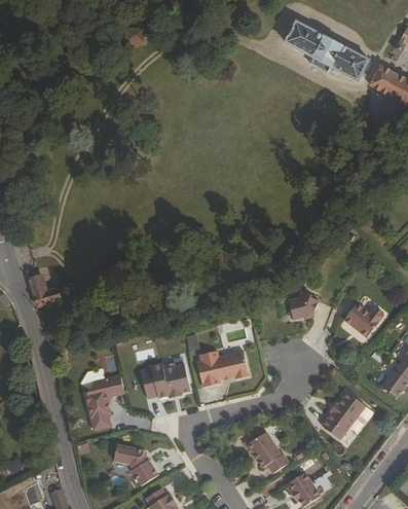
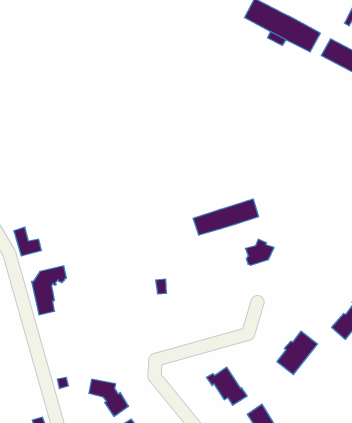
building: none -> [193,199,259,235]
building: [343,302,383,336] -> none
building: [197,349,249,386] -> none
building: [141,362,190,396] -> none
building: [84,375,123,430] -> [31,266,67,315]

